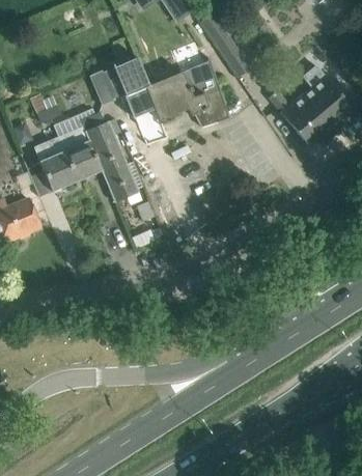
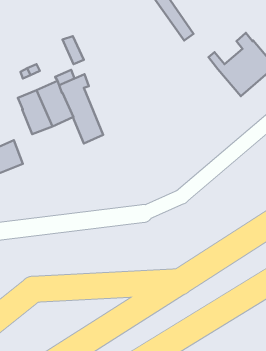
building: [112,55,229,128] -> none

